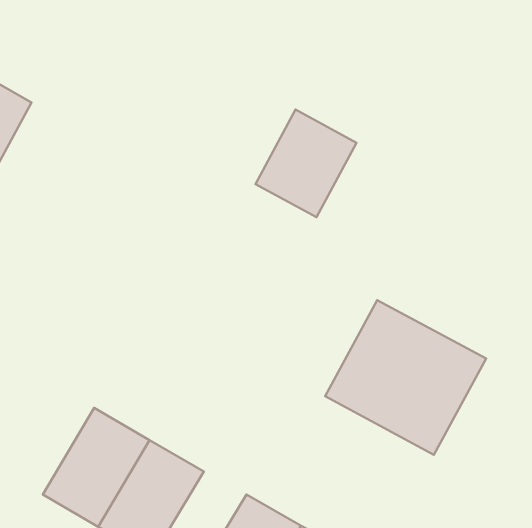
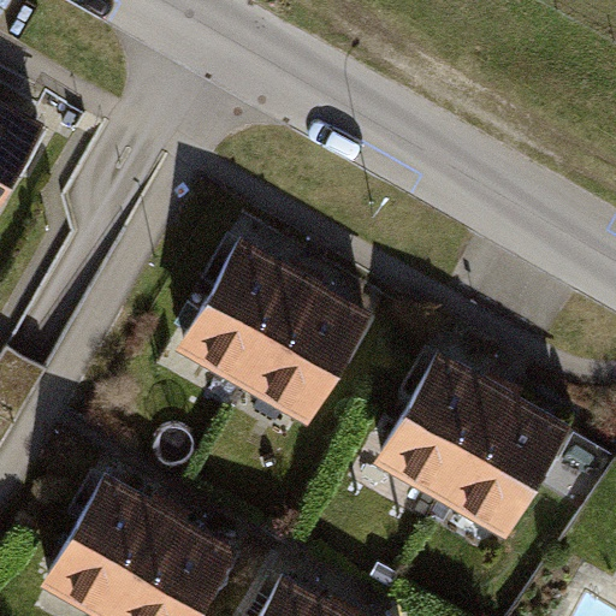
building: [255,110,357,217] -> none
building: none -> [184,250,369,430]

